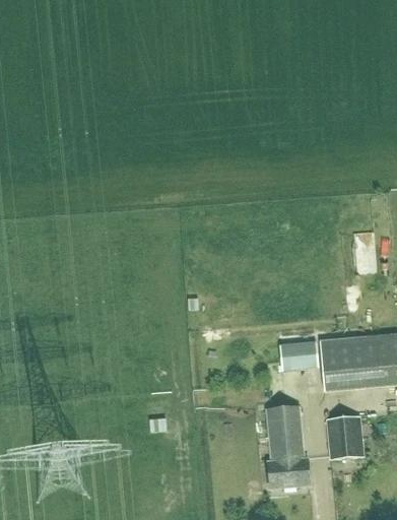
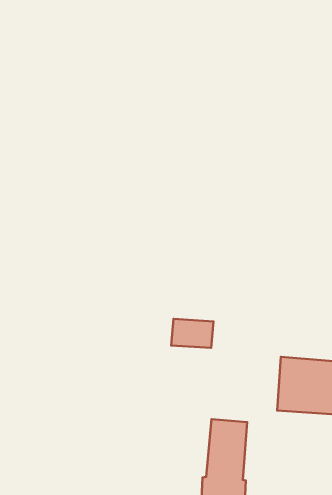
building: [279,340,318,369] -> [171,319,213,348]
building: [326,414,362,458] -> none

